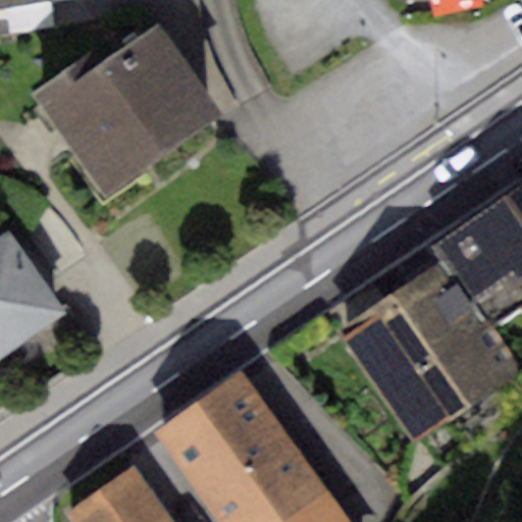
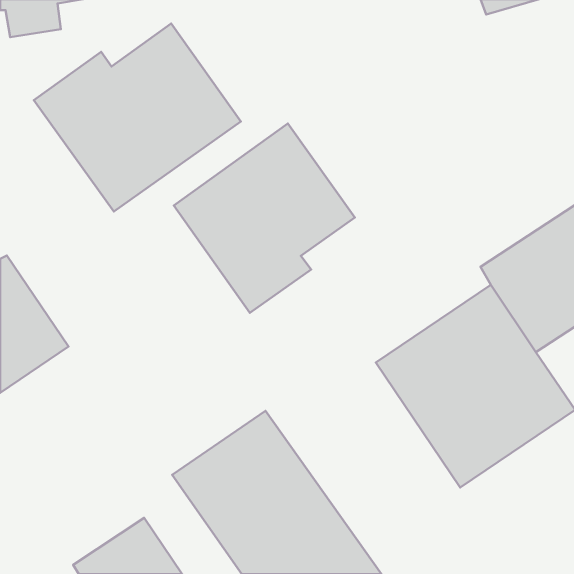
building: none -> [174,124,355,313]

